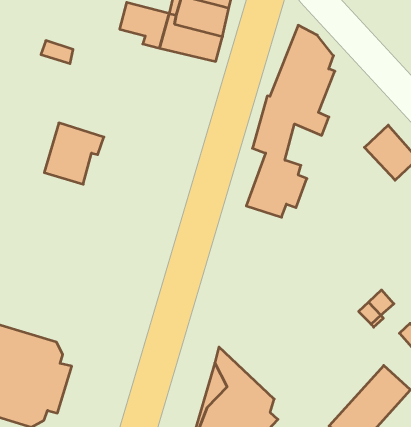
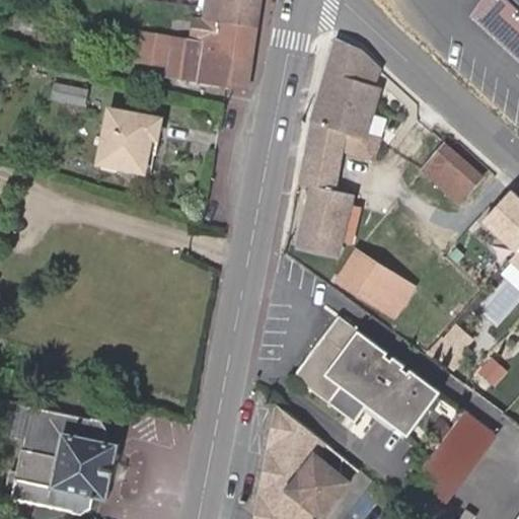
building: [44,123,104,184] -> [99,107,162,173]
building: none -> [338,249,414,316]
building: none -> [296,318,441,436]

